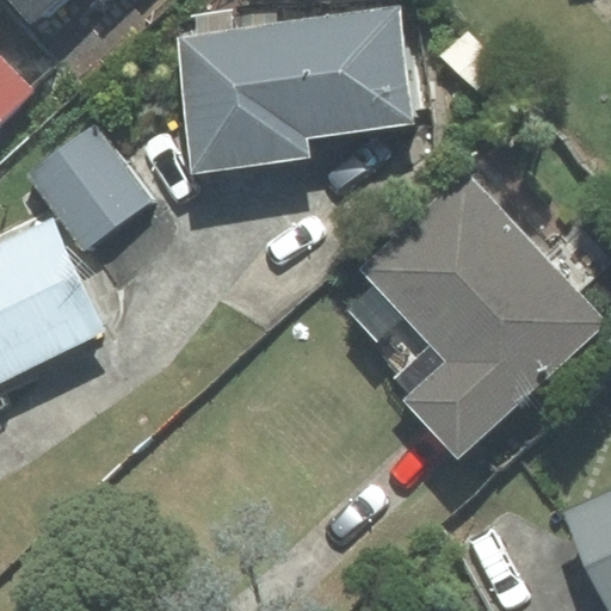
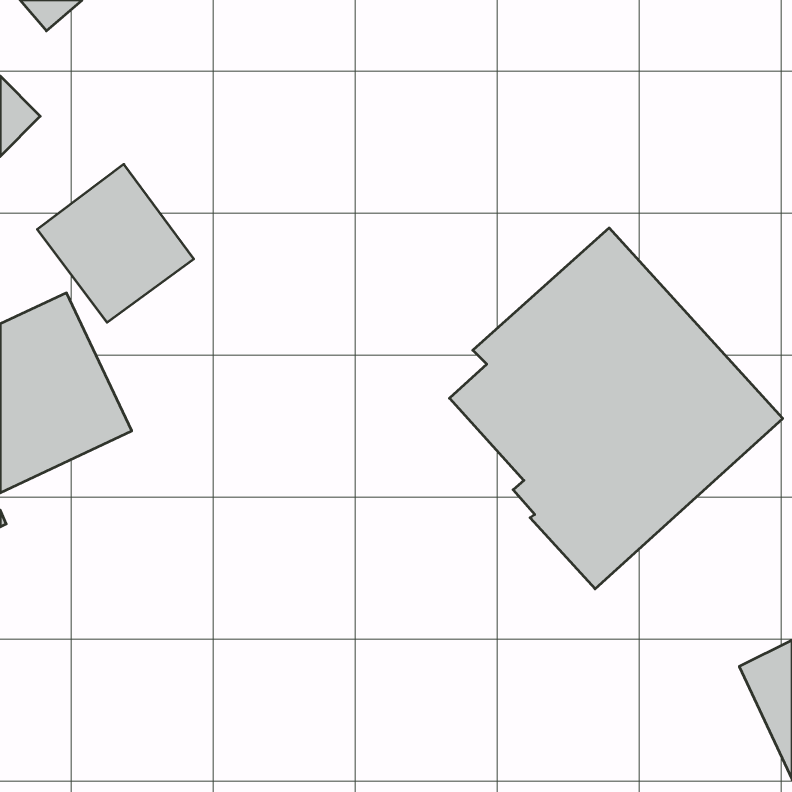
building: [180,8,412,166] -> none

